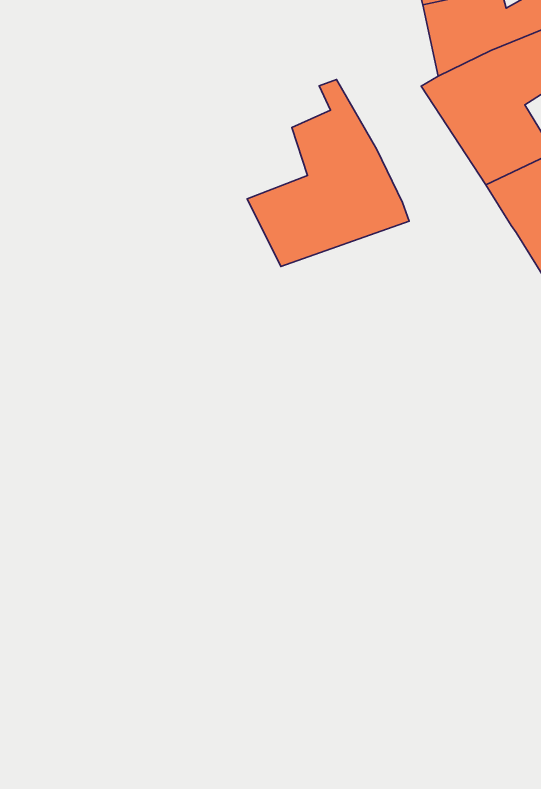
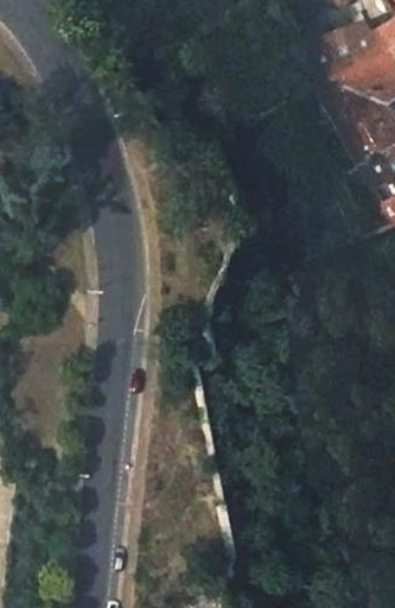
building: [247,79,409,266] -> none

